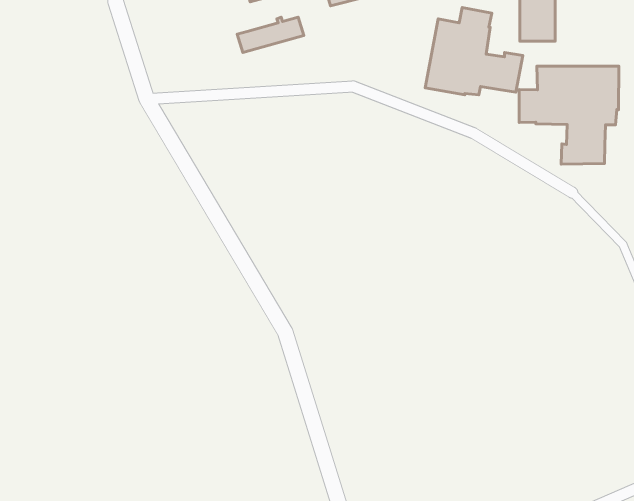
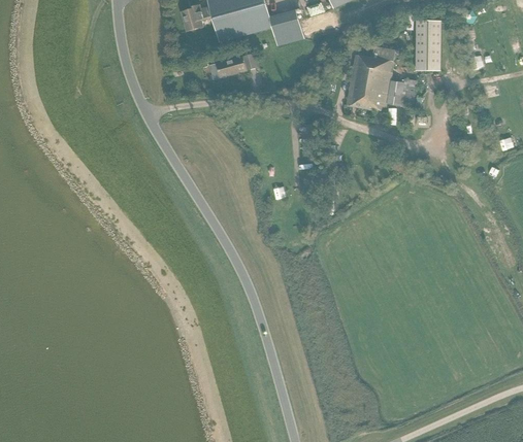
building: [519,66,619,164] -> none

